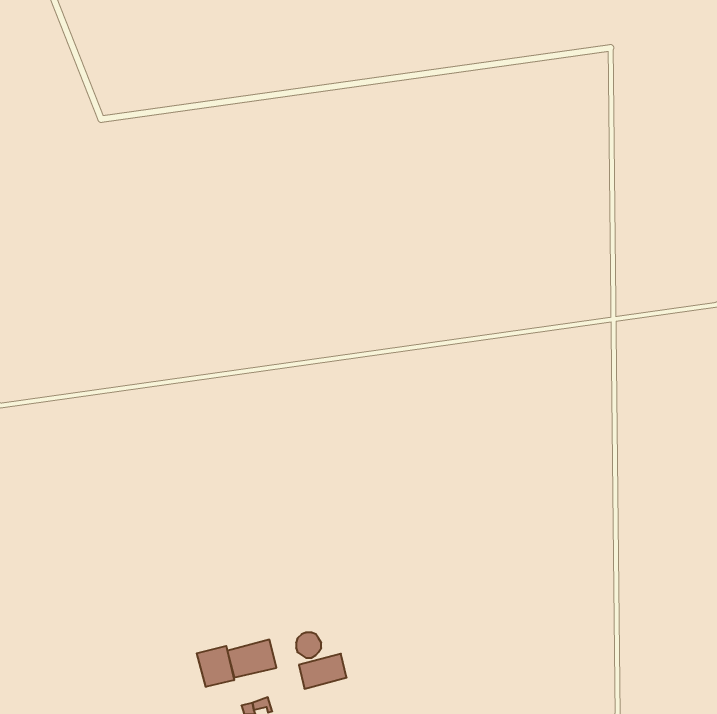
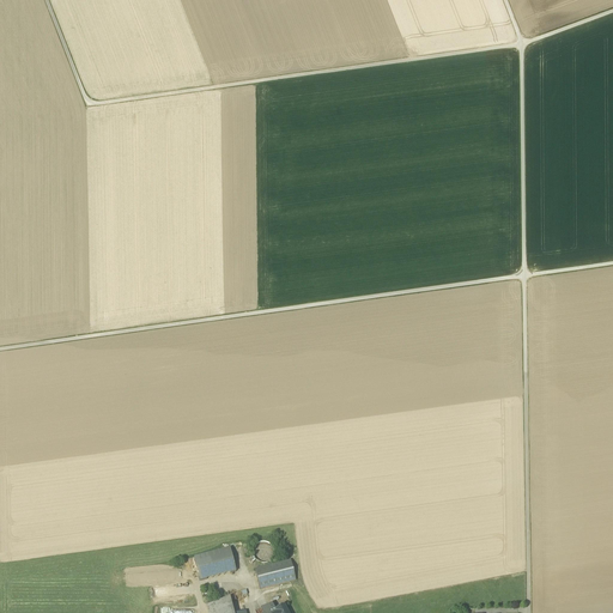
building: [197,646,234,687] -> none

